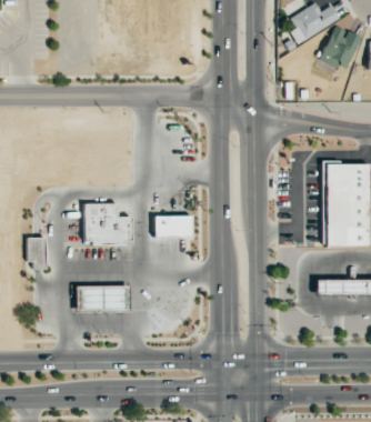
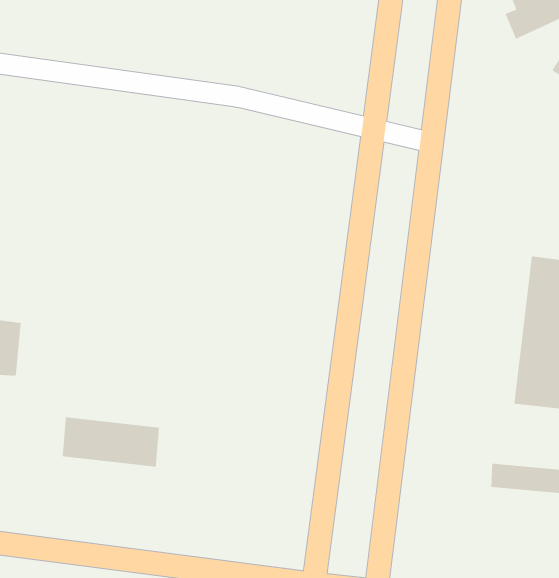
building: [84,203,132,245] -> none
building: [156,215,193,237] -> none

